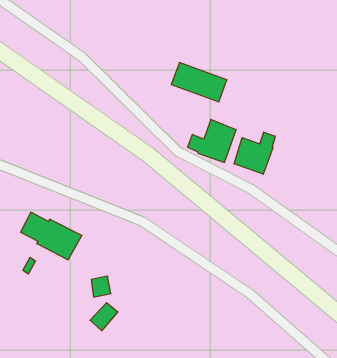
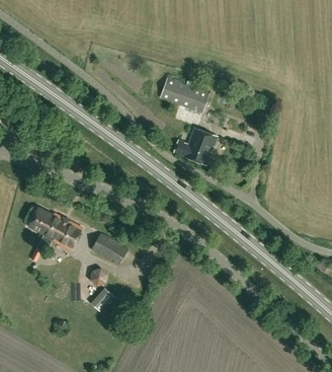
building: [234,132,275,174] -> none
building: none -> [91,234,128,266]

